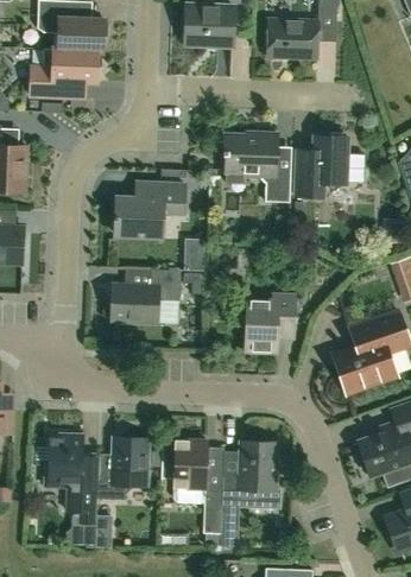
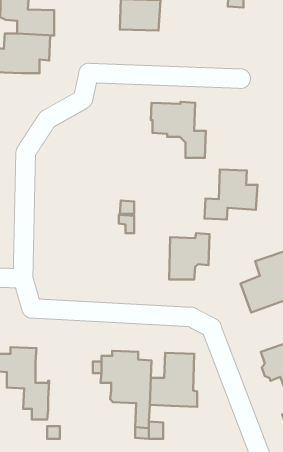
building: [266,19,317,57] -> none
building: [295,134,360,196] -> [204,169,258,220]
building: [114,180,184,236] -> none
building: [109,268,181,322] -> none
building: [96,431,147,499] -> none

